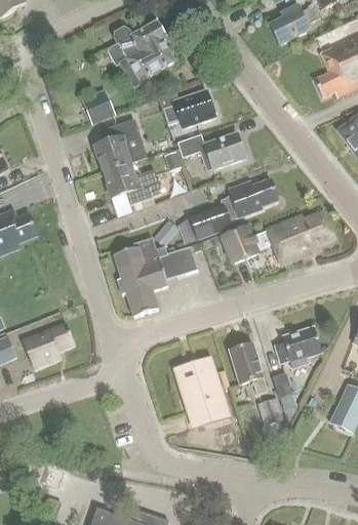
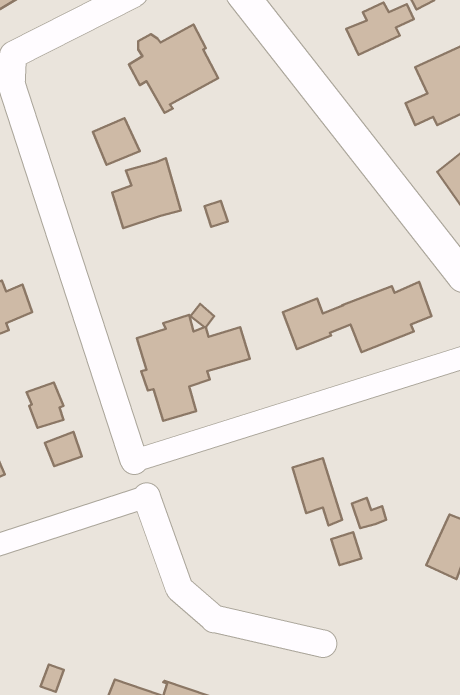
building: [157,90,215,128] -> none
building: [177,134,244,170] -> none
building: [104,163,161,204] -> none
building: [190,178,278,240] -> none
building: [275,327,321,368] -> none
building: [25,332,52,366] -> [26,383,64,428]
building: [174,357,228,428] -> none

